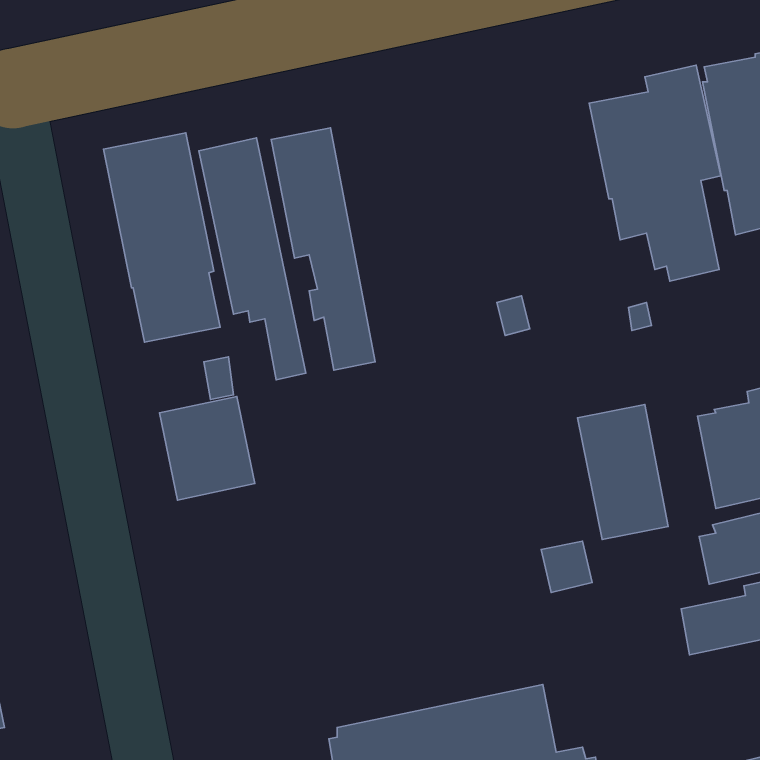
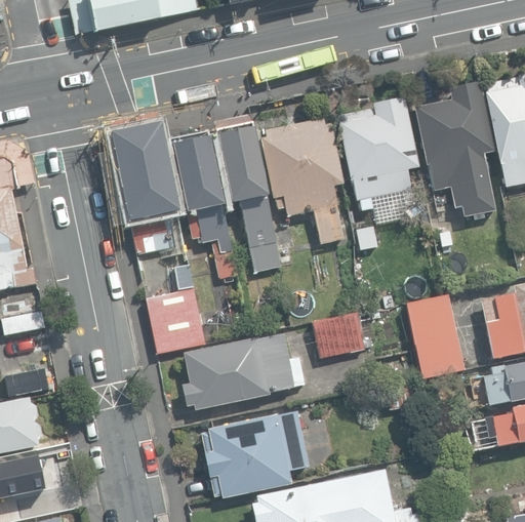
building: none -> [338,97,419,211]
building: none -> [259,119,345,244]
building: none -> [313,313,365,359]
building: none -> [181,333,304,410]
building: none -> [201,411,308,497]

